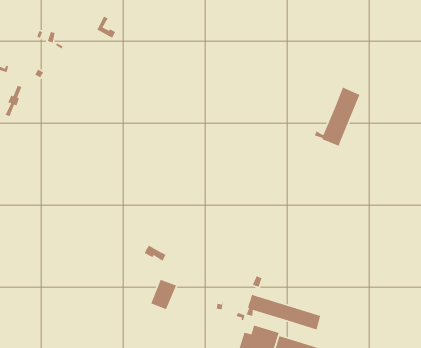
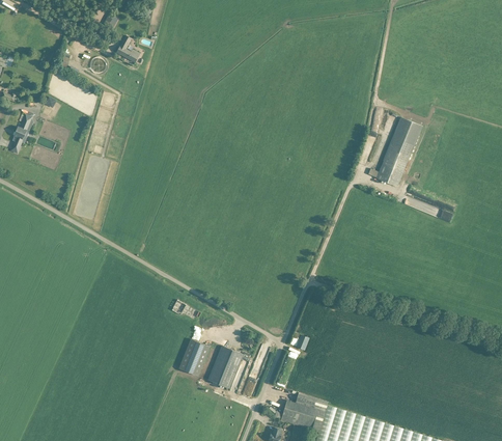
building: none -> [207,346,243,388]
building: [246,294,321,331] -> none

